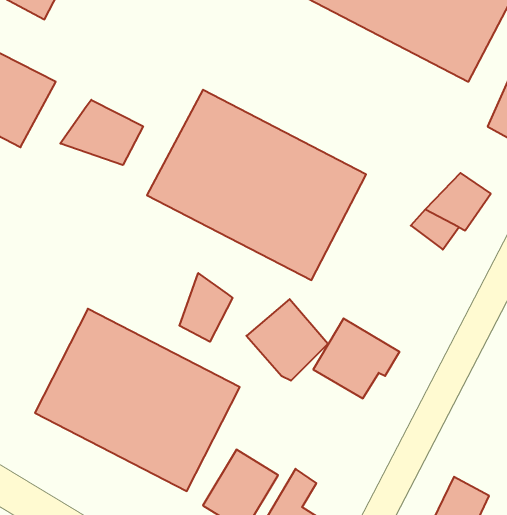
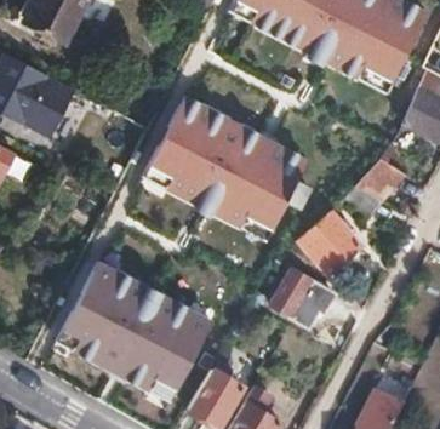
building: [60,100,143,165] -> none
building: [179,273,233,342] -> none
building: [246,299,328,381] -> [297,211,359,273]

